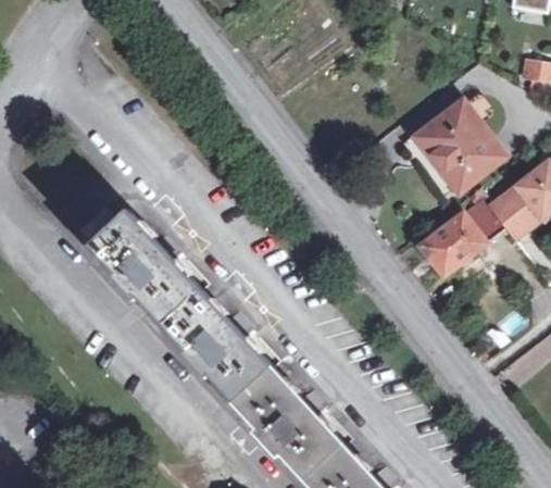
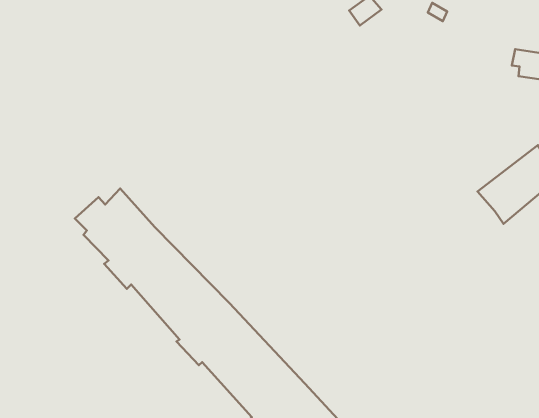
building: [418,109,501,192] -> none
building: [419,202,502,277] -> none

